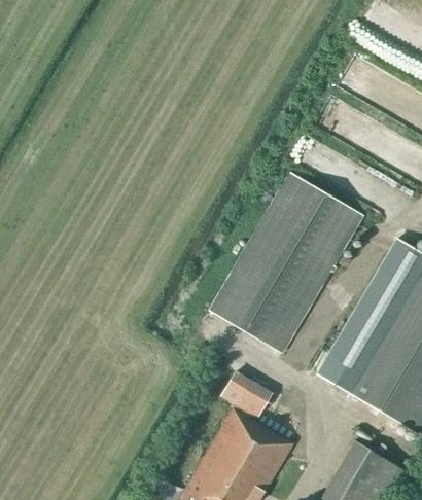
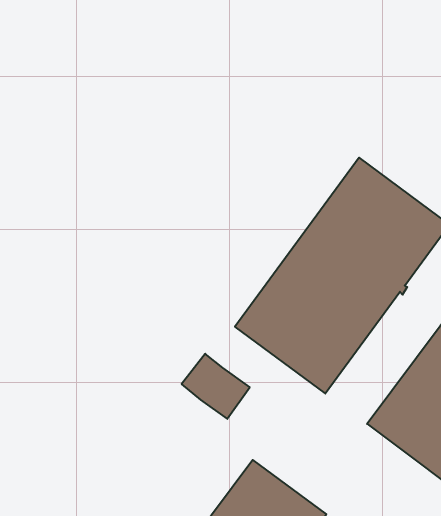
building: [221,371,273,419] -> [182,354,250,419]

